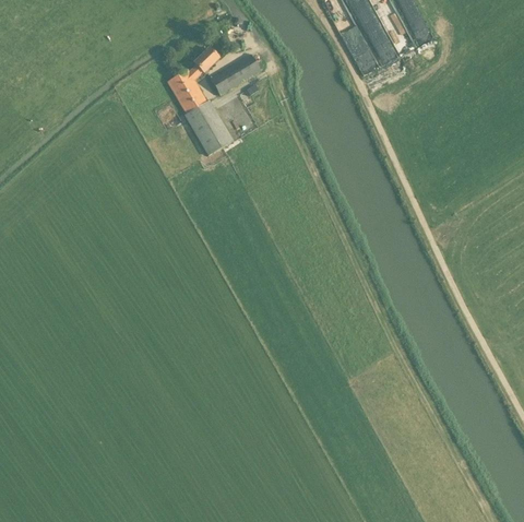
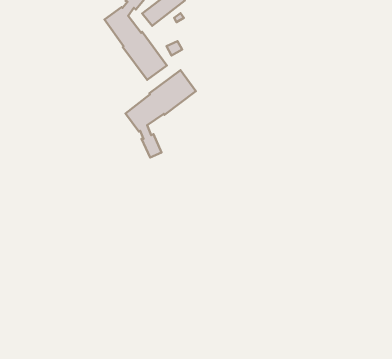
building: none -> [125,70,196,157]

